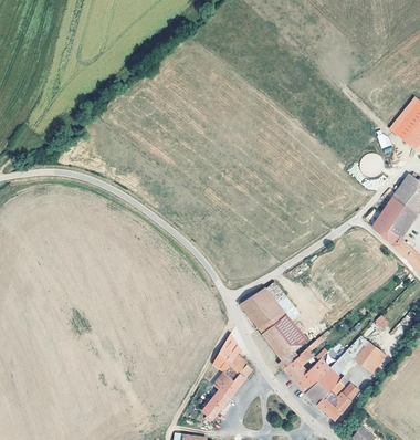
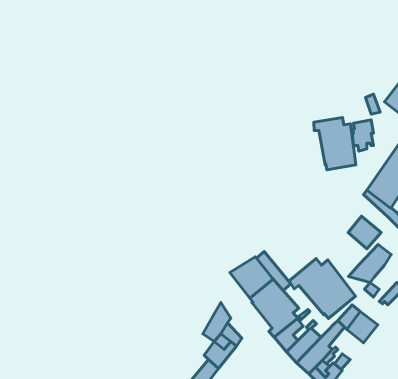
building: none -> [314,117,356,170]
building: none -> [348,216,381,249]
building: none -> [348,245,391,283]
building: none -> [289,259,355,319]

